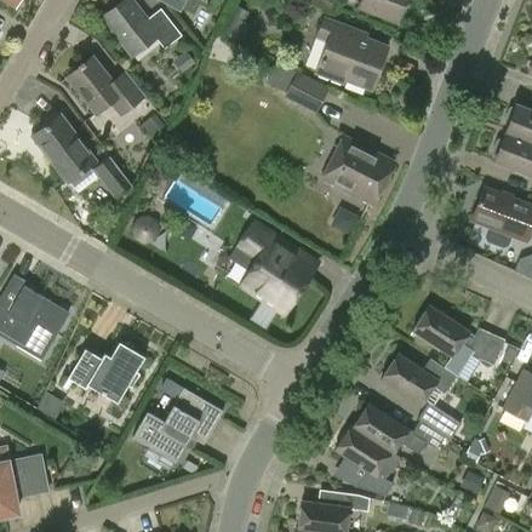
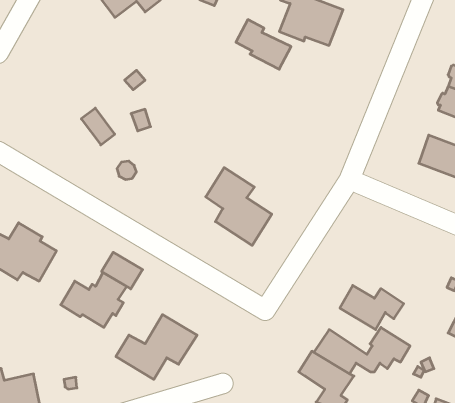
building: [67,57,144,116] -> none
building: [33,115,93,181] -> none
building: [321,135,394,204] -> none
building: [413,305,504,376] -> none
building: none -> [102,252,143,289]

